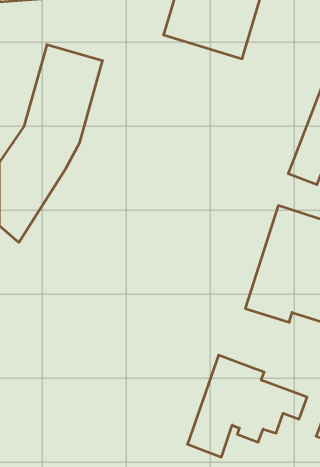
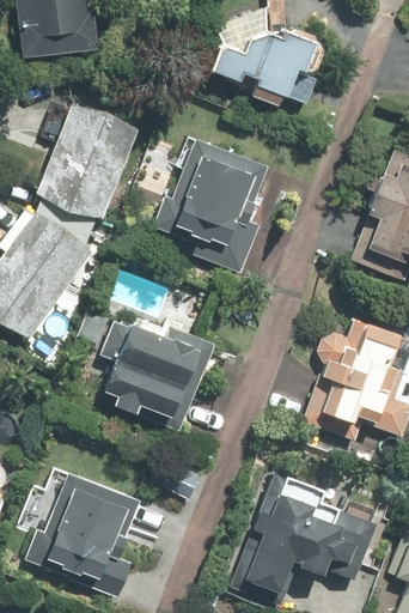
building: none -> [152,134,286,272]
building: none -> [92,316,194,420]
building: none -> [29,472,181,589]

